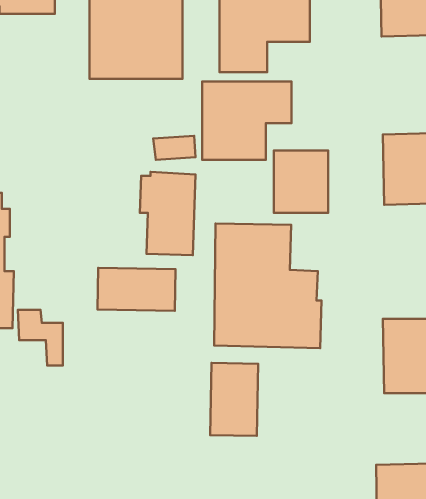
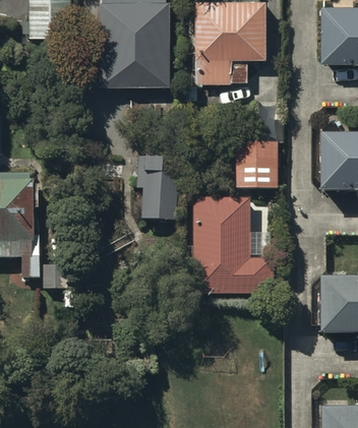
building: [202,82,292,160] -> none
building: [97,268,176,311] -> none
building: [210,363,258,436] -> none

